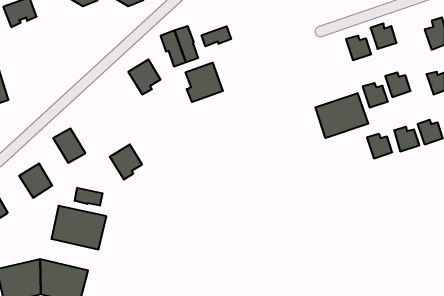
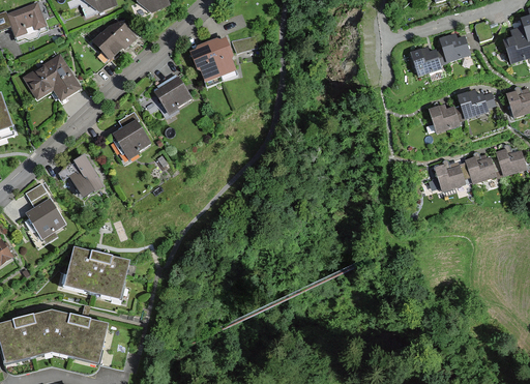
building: none -> [92,22,137,61]
building: [202,26,231,46] -> none
building: none -> [24,54,80,100]
building: [186,63,223,102] -> none
building: [315,93,368,138] -> none
building: [110,144,142,179] -> [113,119,151,160]
building: [75,188,103,206] -> none

